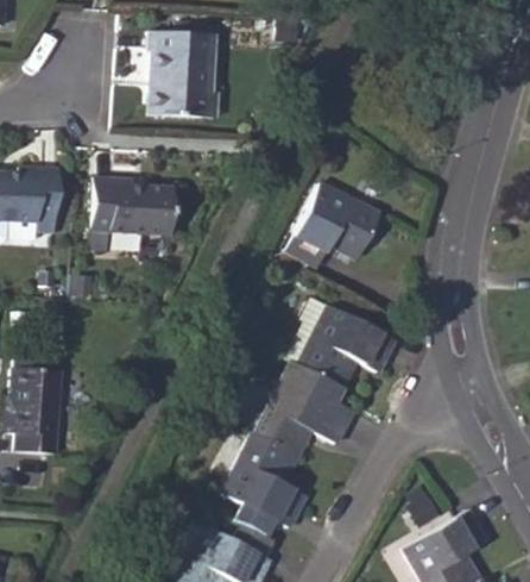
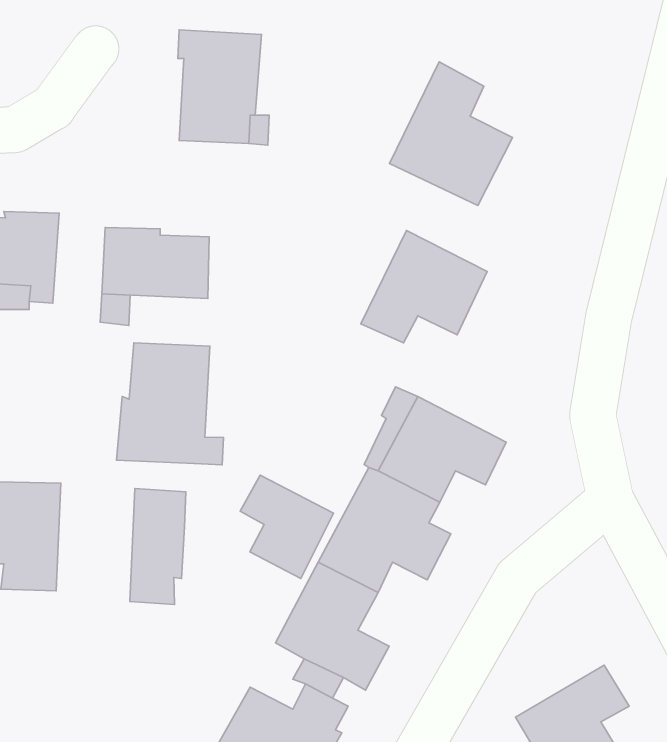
building: none -> [389,62,513,206]
building: none -> [117,343,223,465]
building: none -> [240,475,334,578]
building: none -> [130,488,186,604]

